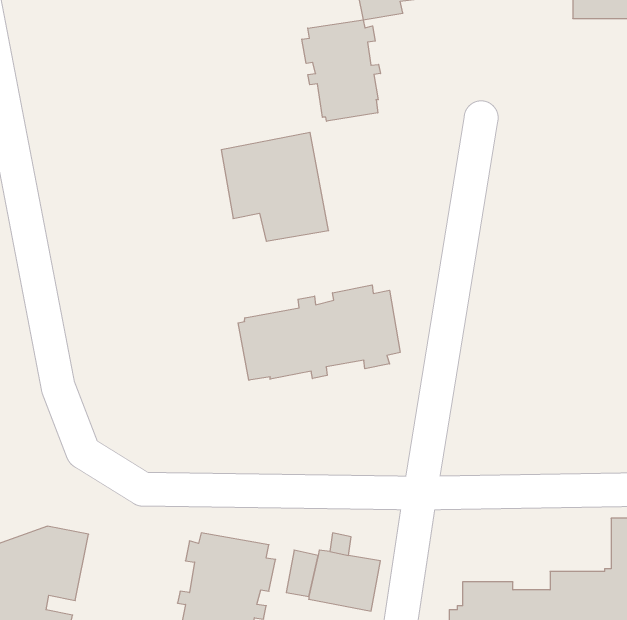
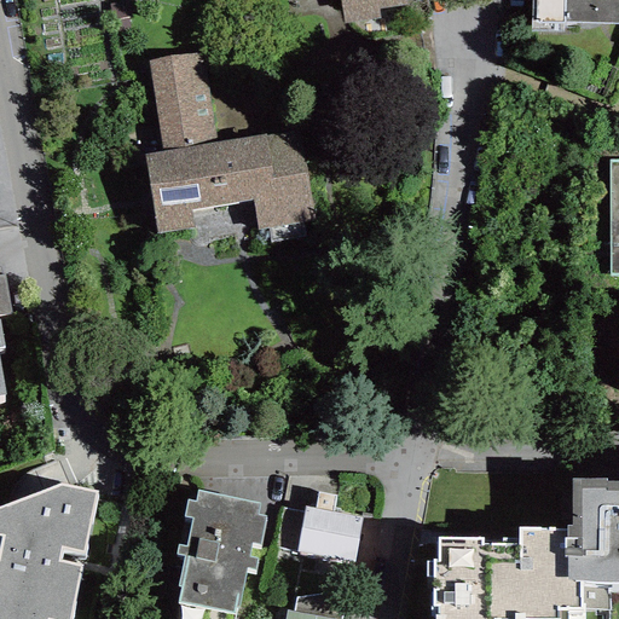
building: [302,20,380,121] -> none
building: none -> [144,51,228,231]
building: [238,285,400,380] -> none

